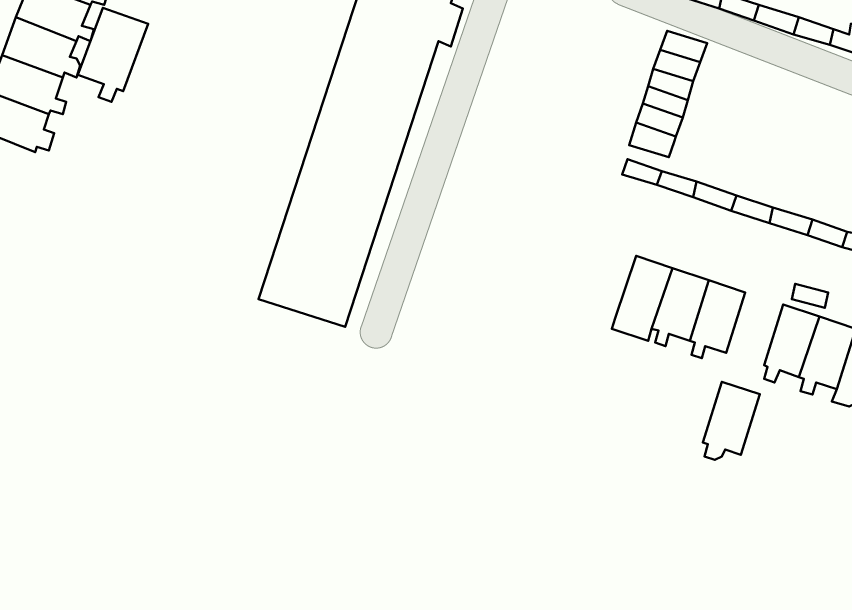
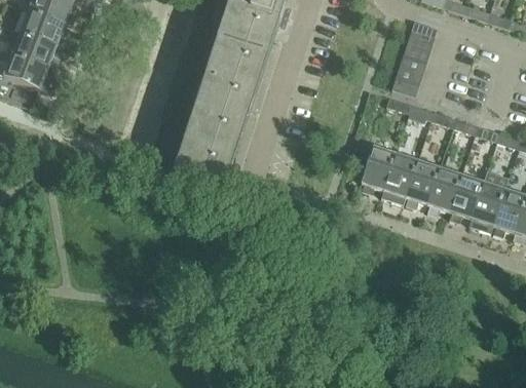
building: [78,8,148,102] -> none
building: none -> [360,147,394,193]
building: [703,382,760,460] -> [448,176,482,222]

